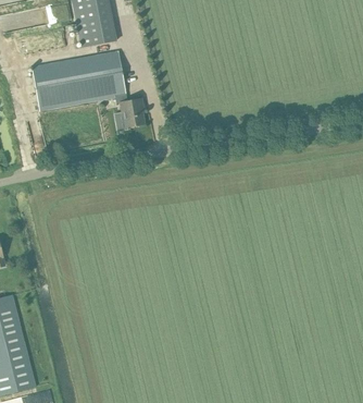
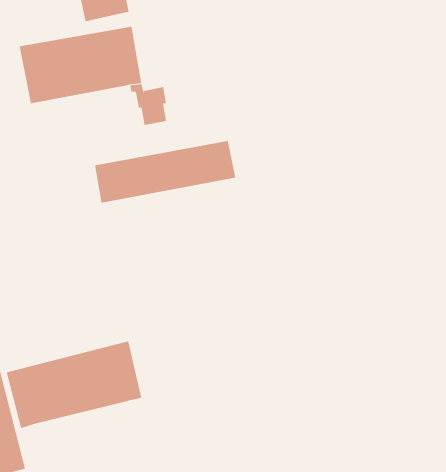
building: none -> [95,140,236,203]
building: none -> [6,341,142,429]

